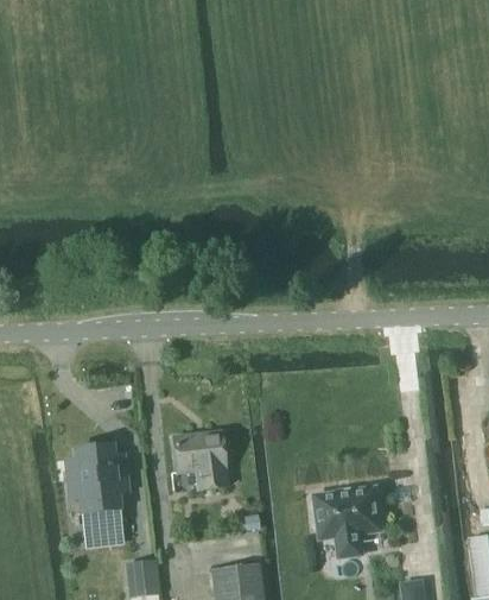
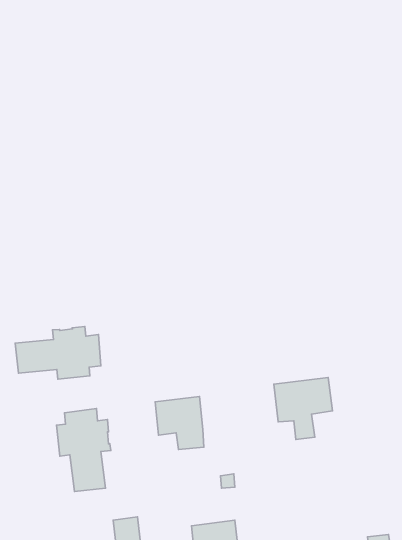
building: none -> [15,326,101,379]
building: [318,491,381,557] -> [274,378,332,439]

